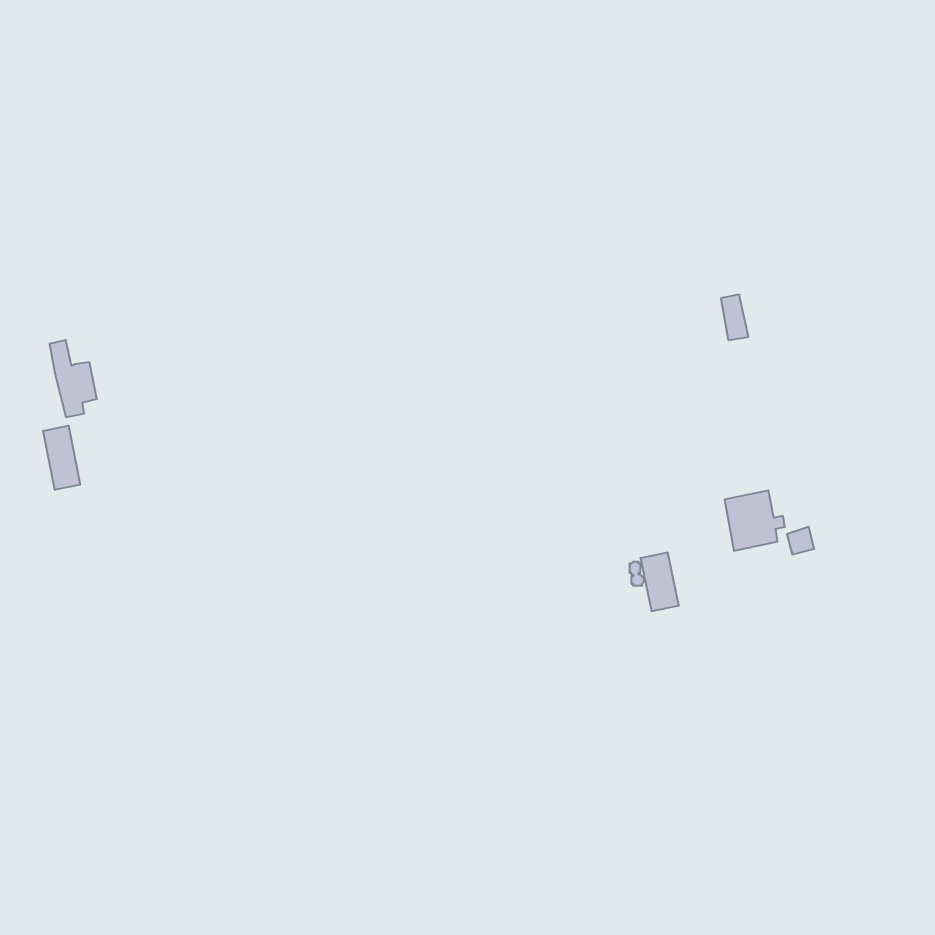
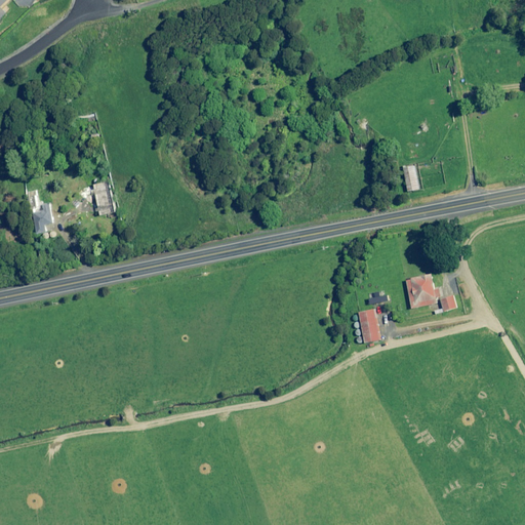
building: none -> [91,180,118,219]
building: [43,425,80,490] -> none

